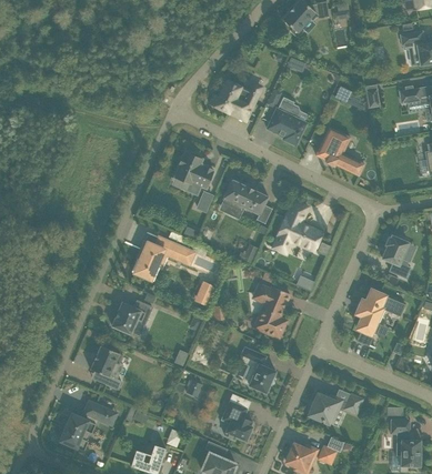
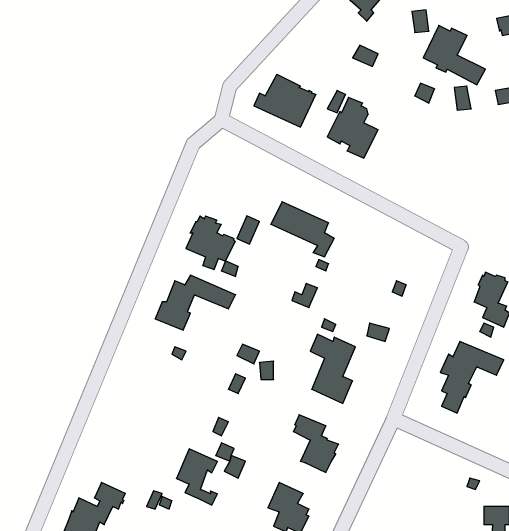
building: [315,129,364,175] -> [423,25,485,85]
building: [174,151,213,193] -> [186,216,235,270]
building: [273,200,322,252] -> none
building: [112,300,152,335] -> none
building: [90,344,122,389] -> [176,449,217,505]
building: [308,393,363,423] -> none

